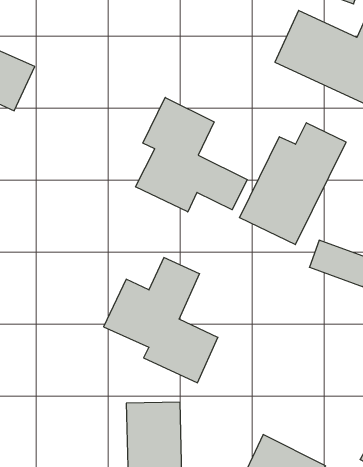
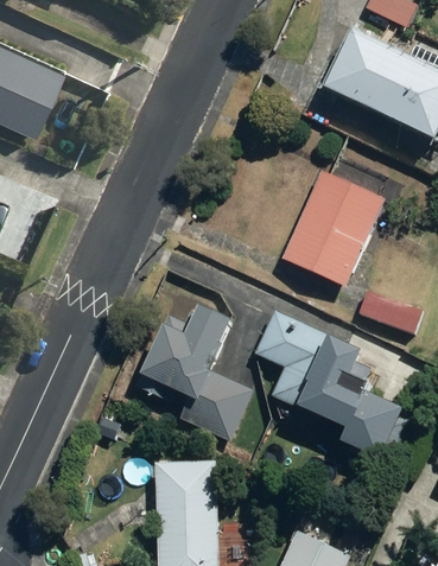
building: [136,97,247,212] -> none
building: none -> [258,311,402,466]

